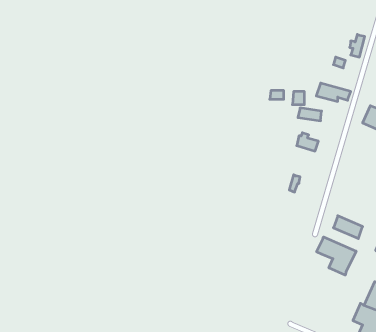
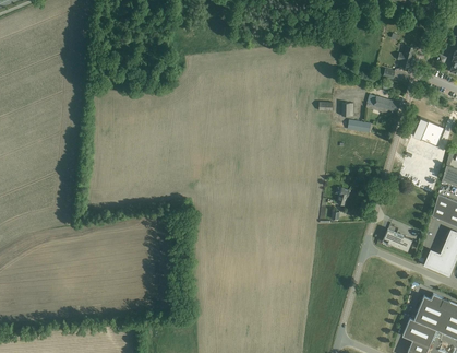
building: [317,237,356,275] -> none

